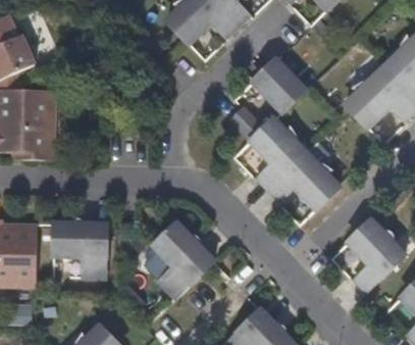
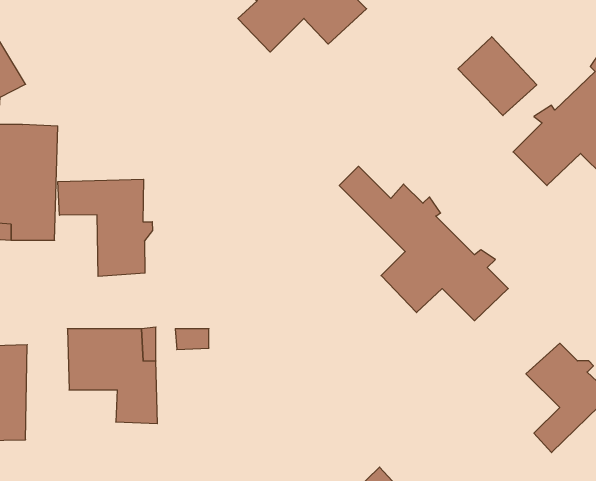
building: [251,56,301,106] -> [458,37,537,116]
building: none -> [58,179,152,276]
building: [145,216,218,302] -> none

